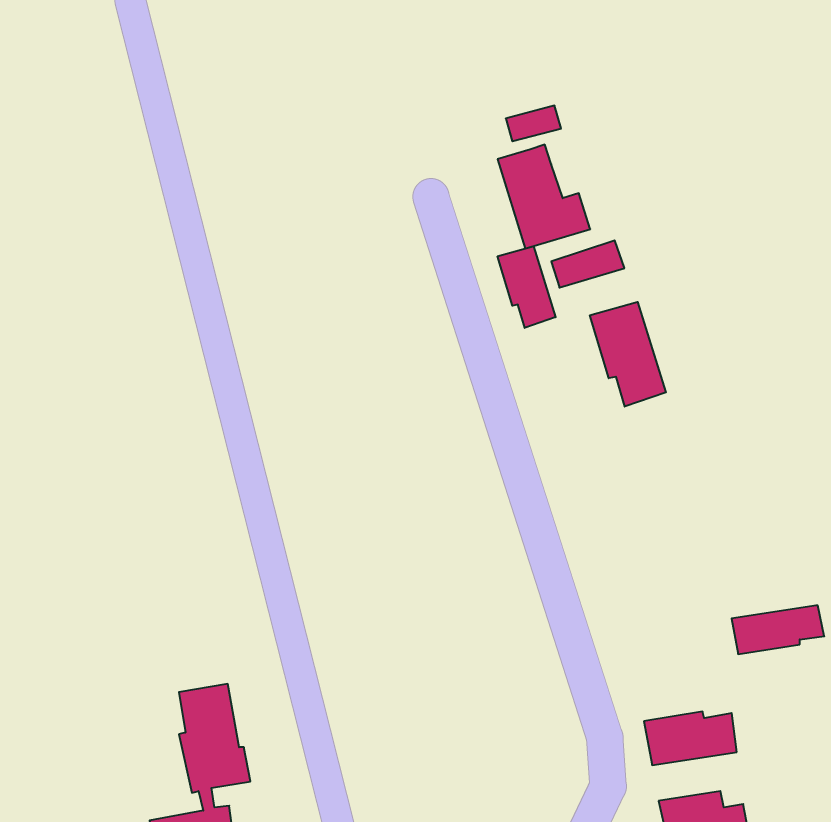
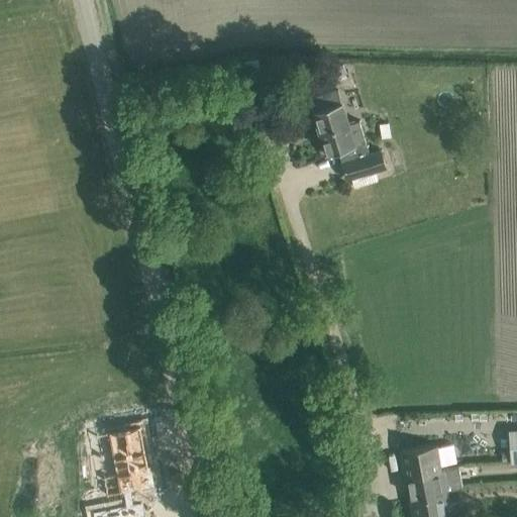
building: [498,246,556,328] -> none
building: [590,302,666,407] -> none
building: [732,605,824,654] -> [405,473,462,503]

